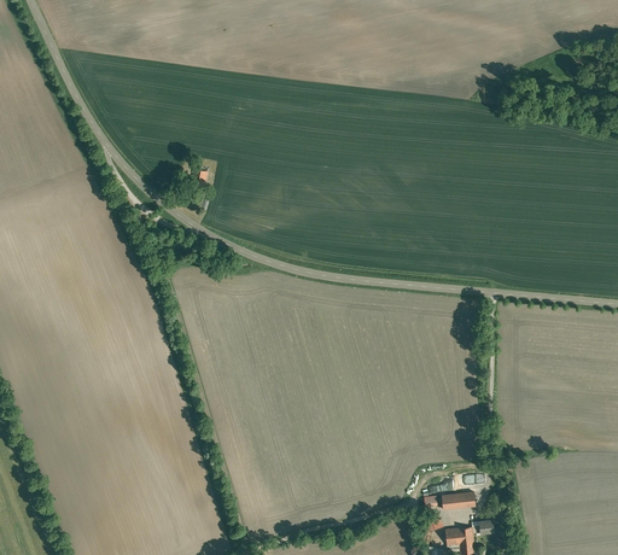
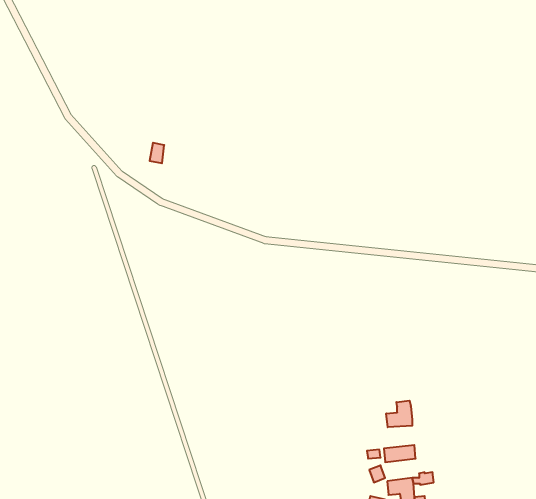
building: none -> [386,401,412,427]

